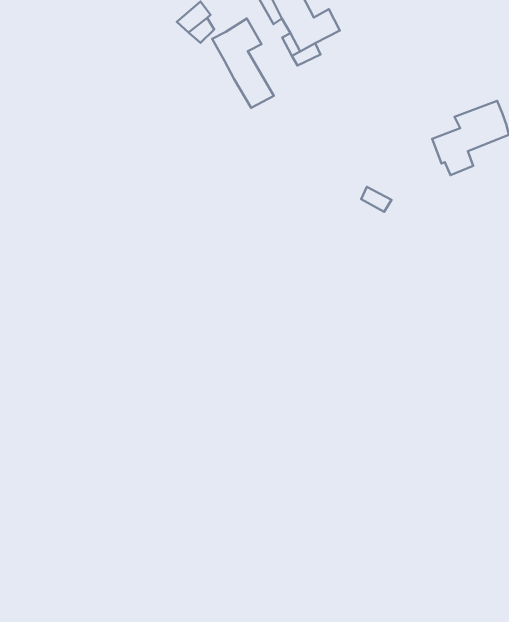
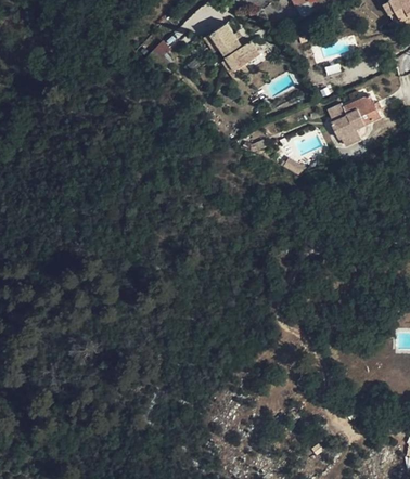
building: [212,19,274,108] -> none

